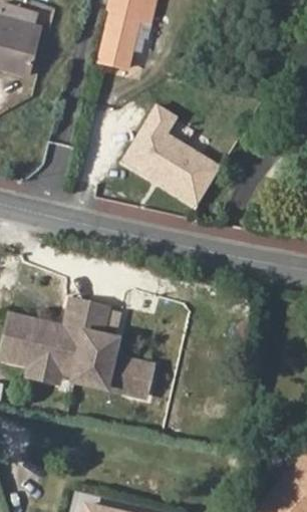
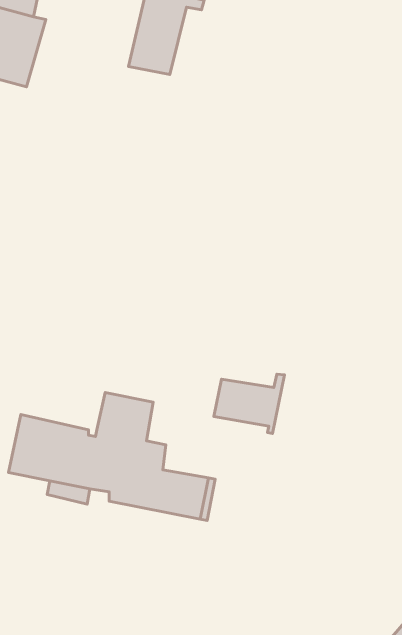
building: [122,100,223,202] -> none
building: none -> [214,374,284,434]

